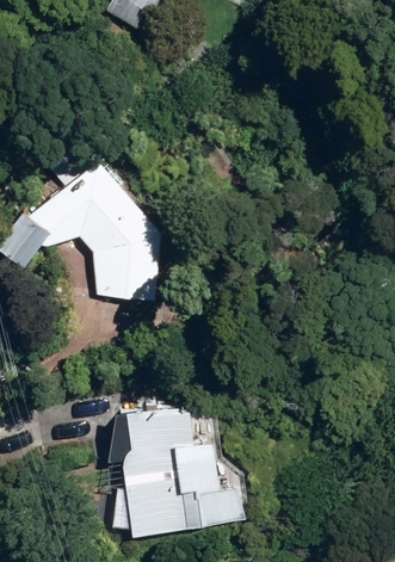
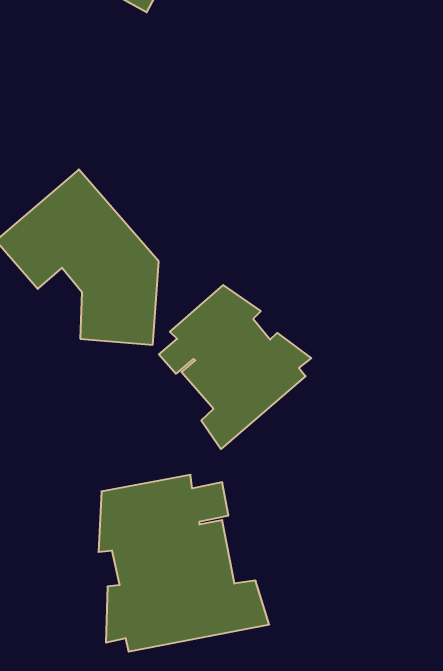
building: none -> [159,285,311,449]

